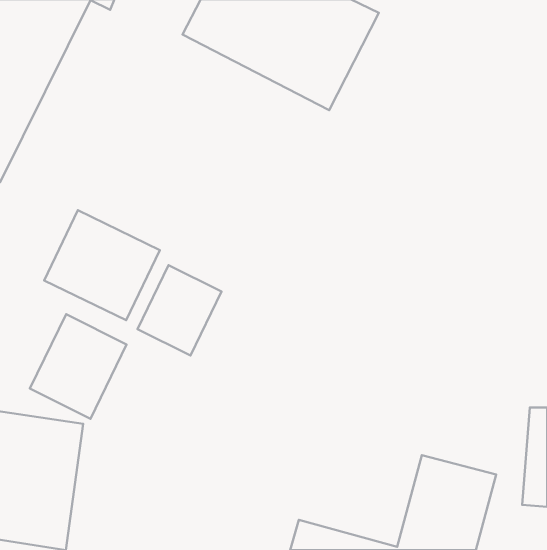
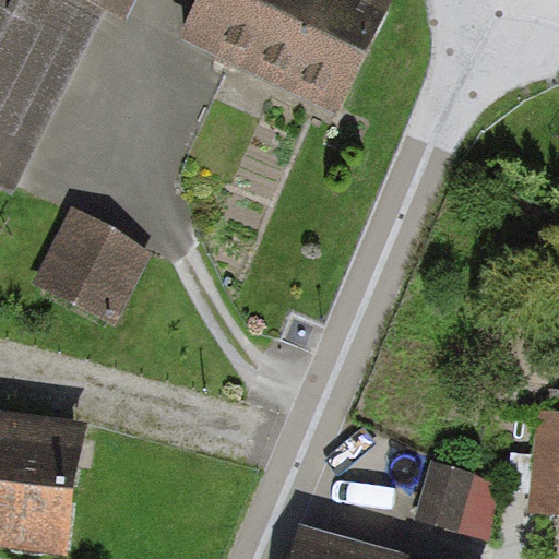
building: [137,265,221,355] -> none
building: [30,314,127,419] -> none

